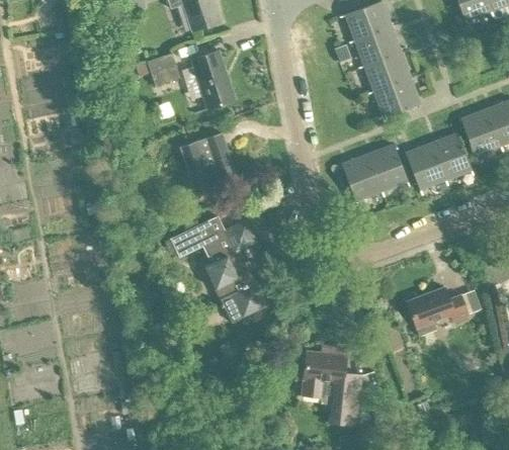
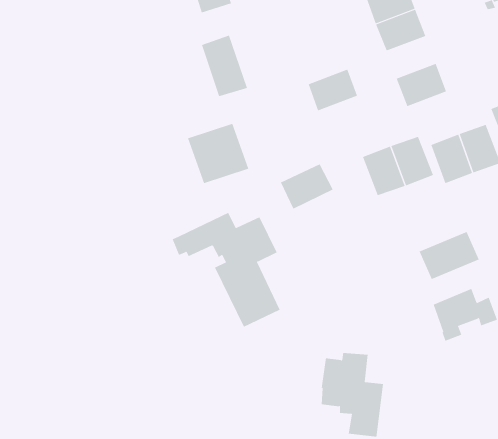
building: [147,52,180,86] -> none
building: [364,52,411,91] -> [308,69,358,111]
building: none -> [280,163,334,209]
building: none -> [419,231,479,280]

